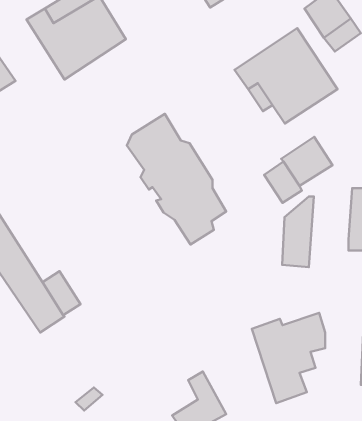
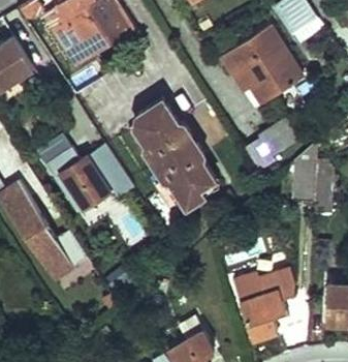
building: none -> [45,143,134,214]
building: [282,196,314,267] -> [292,144,319,204]

